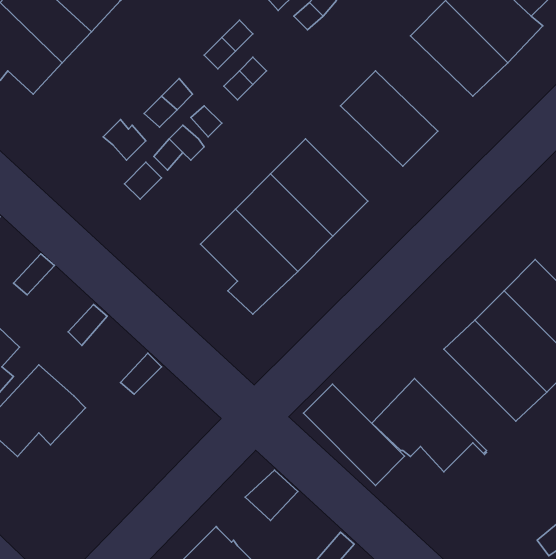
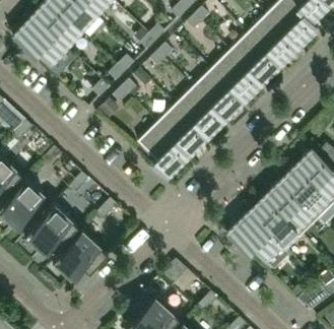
building: none -> [228,34,279,83]
building: none -> [192,70,243,120]
building: [303,384,405,485] -> [249,197,302,250]
building: none -> [52,231,108,279]

